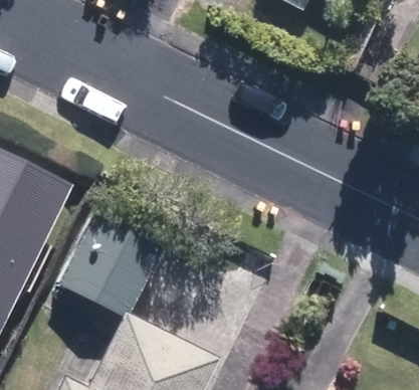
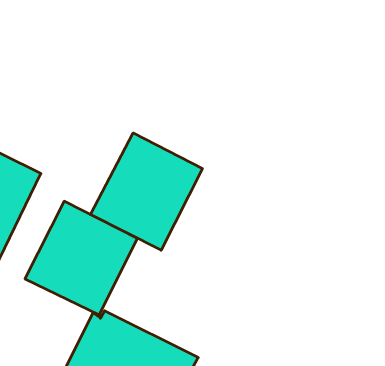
building: none -> [90,133,202,250]

